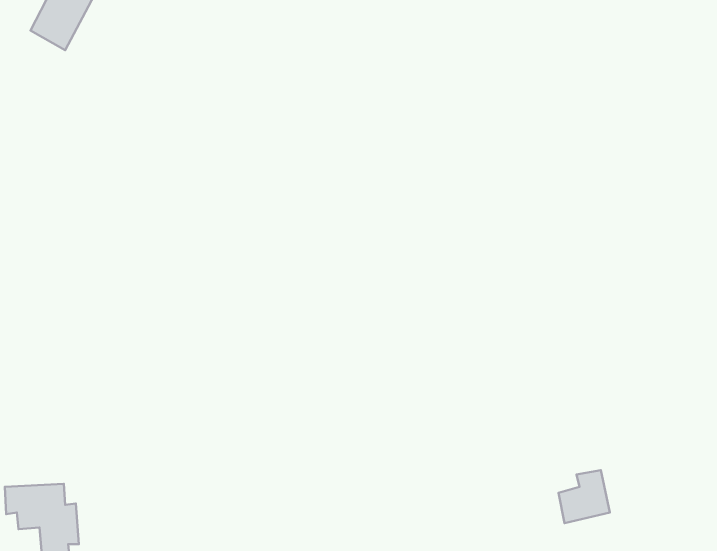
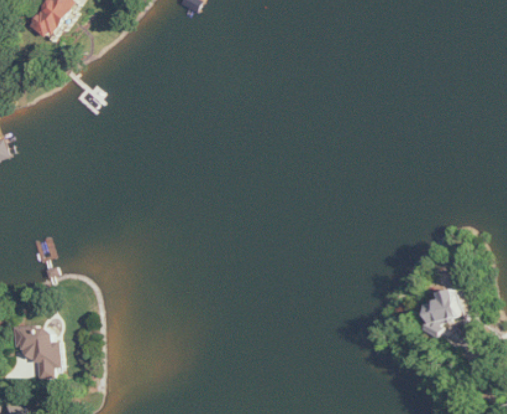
building: [558,470,610,523] -> [423,289,457,324]

